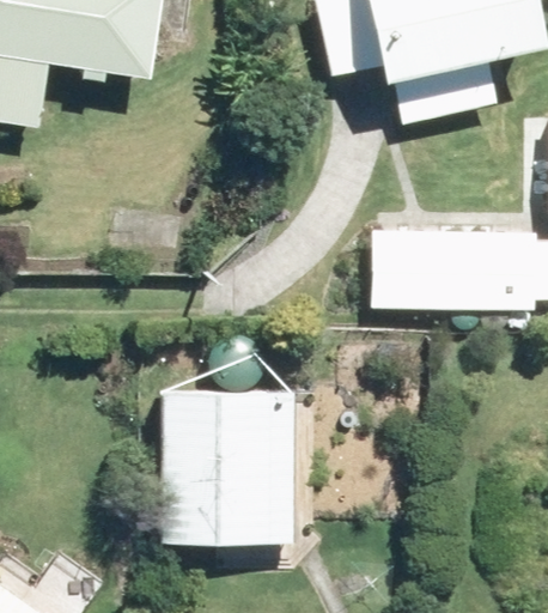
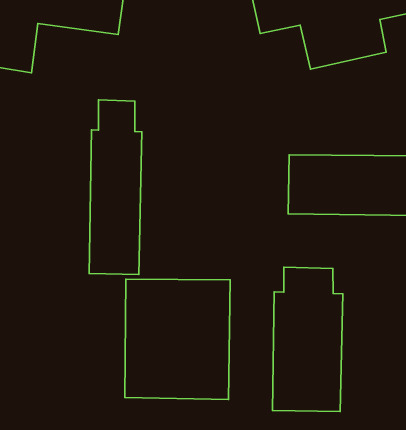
building: none -> [89,100,142,274]
building: none -> [273,267,343,412]

